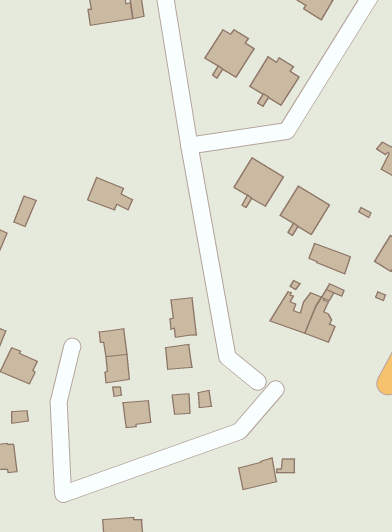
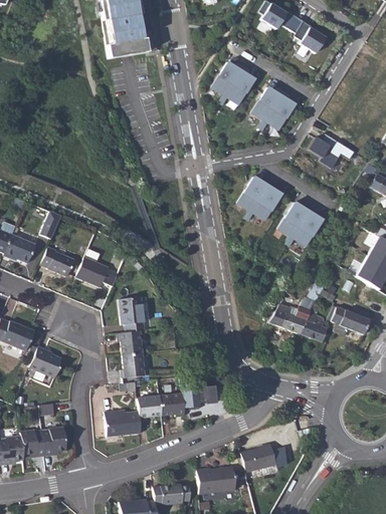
building: none -> [309,133,342,169]
building: [88,177,133,210] -> [75,256,116,285]
building: none -> [40,246,73,275]
building: [309,243,350,274] -> [331,307,368,334]
building: [170,298,197,337] -> [120,296,144,331]
building: [165,345,192,369] -> [161,391,185,413]
building: none -> [107,410,143,435]
building: none -> [40,429,64,457]
building: none -> [198,468,236,492]
building: none -> [154,484,190,504]

